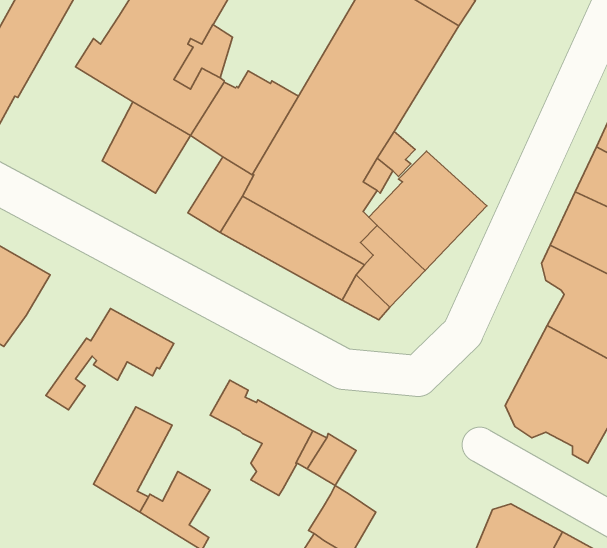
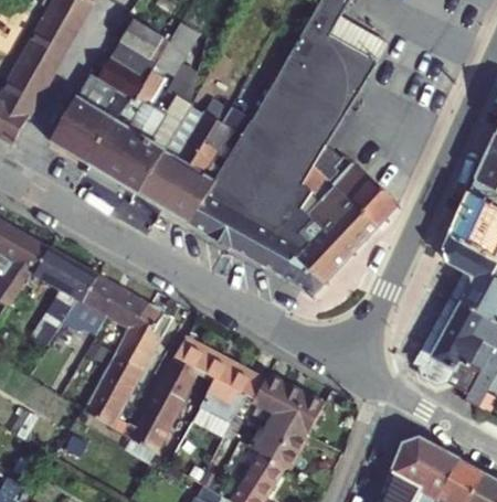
building: none -> [49,92,119,165]
building: none -> [137,146,190,206]
building: none -> [35,255,102,334]
building: none -> [121,309,177,373]
building: none -> [155,365,203,424]
building: none -> [278,393,328,441]

